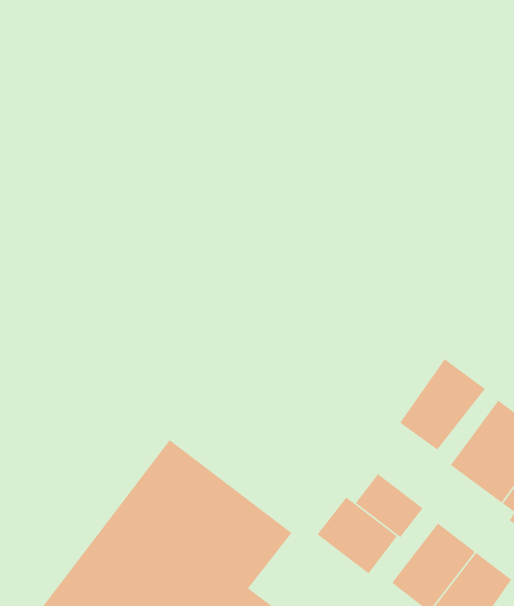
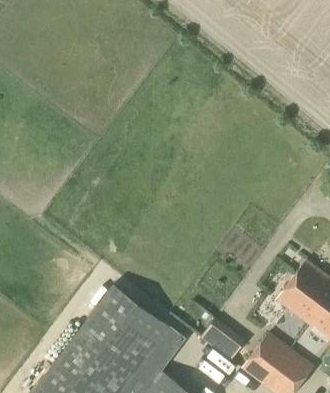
building: [399,358,486,450] -> none
building: [355,473,424,538] -> none

